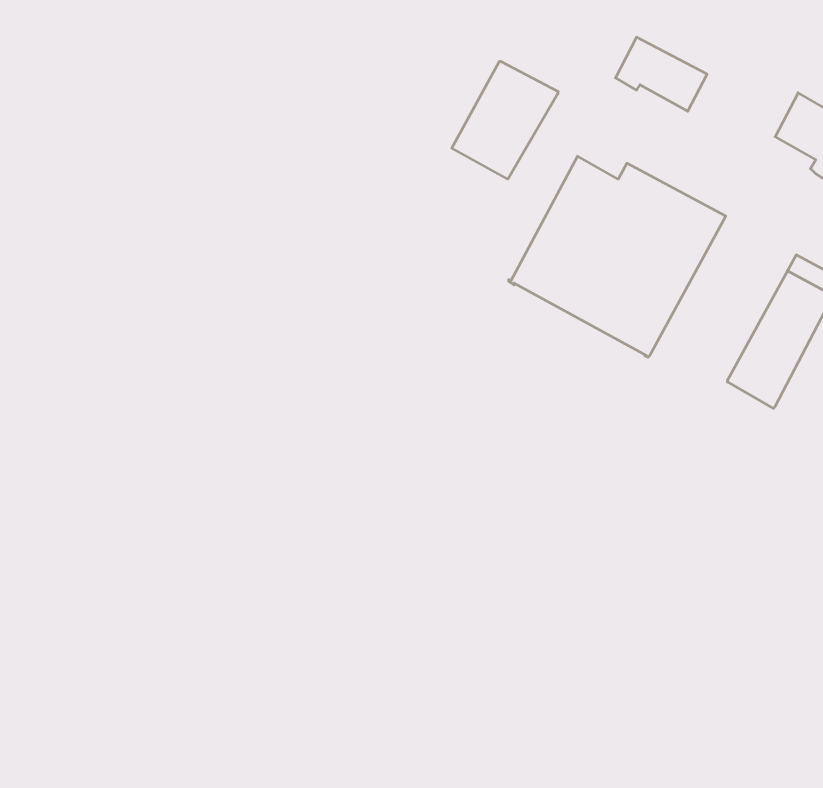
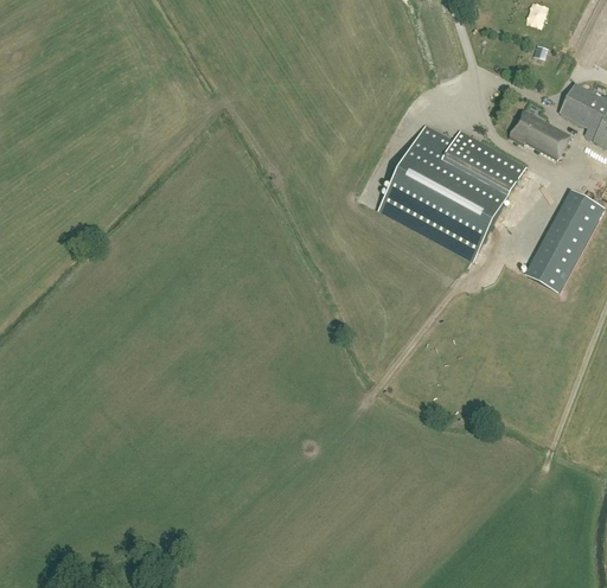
building: [615,37,707,111] -> [507,108,569,158]
building: [452,61,558,179] -> none

